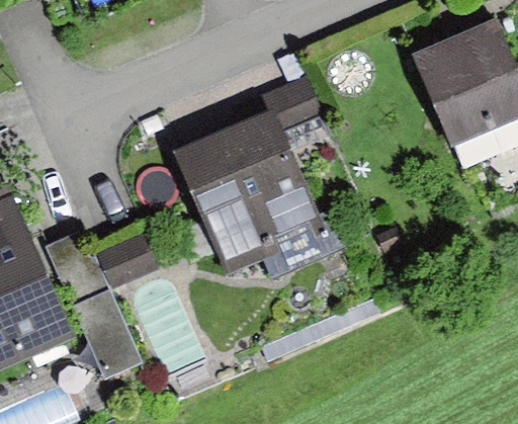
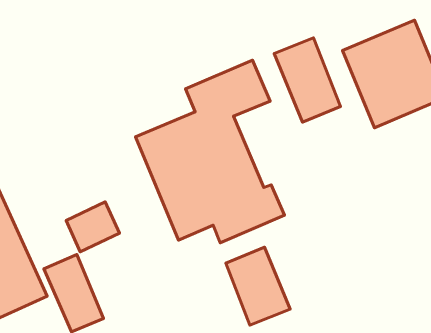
building: none -> [274,38,341,122]
building: none -> [226,247,290,325]

